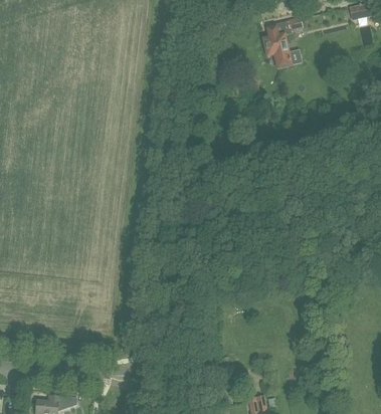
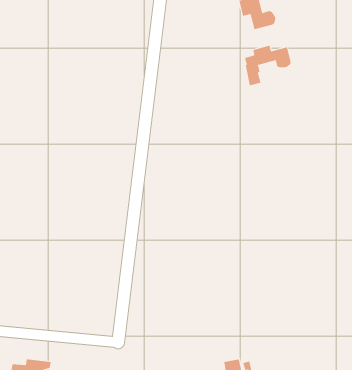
building: none -> [244,45,291,86]

